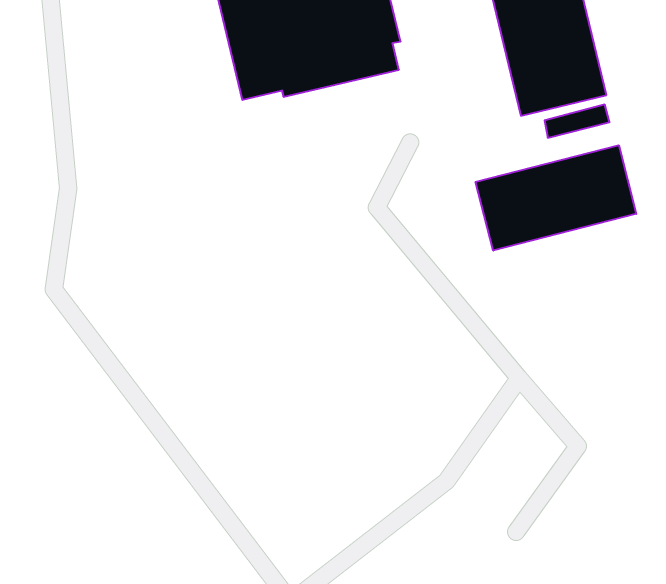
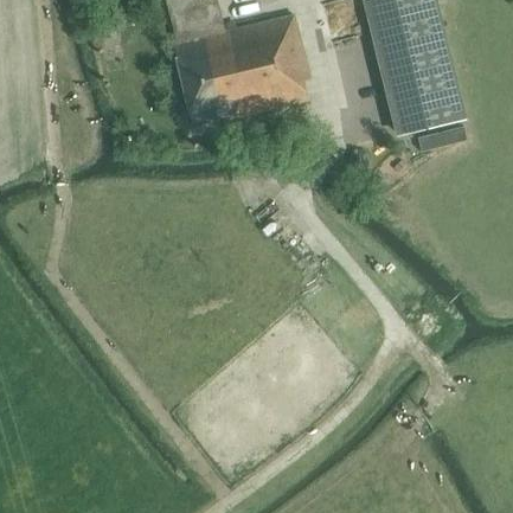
building: [476,145,636,251] -> none

